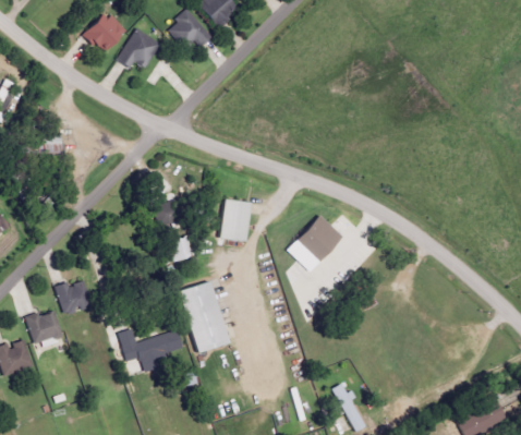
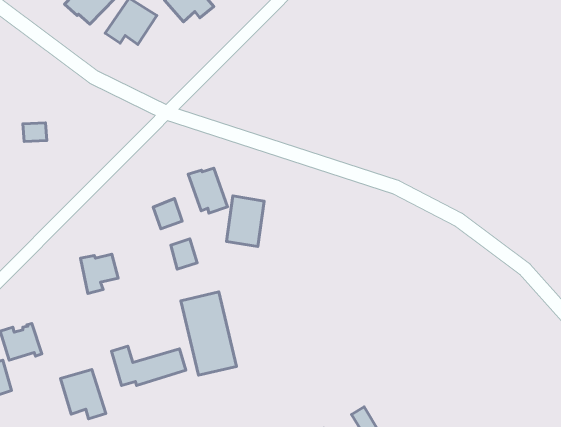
building: none -> [188,168,228,213]
building: [288,215,343,273] -> none
building: [58,282,90,316] -> [80,254,118,293]
building: none -> [61,369,106,419]

